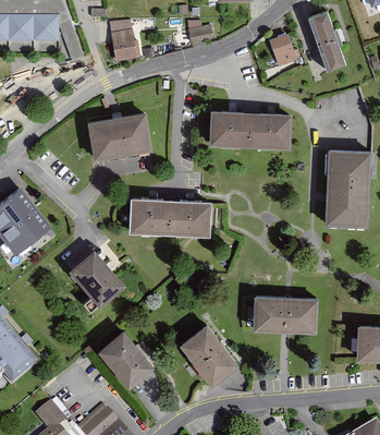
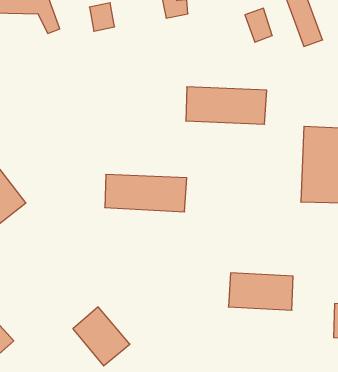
building: [86,114,150,160] -> none
building: [68,251,123,309] -> none
building: [180,327,236,387] -> none

